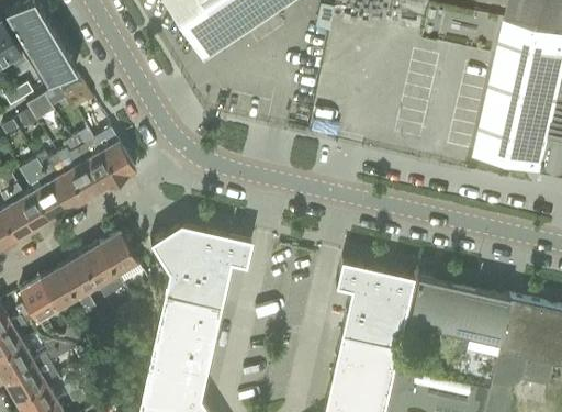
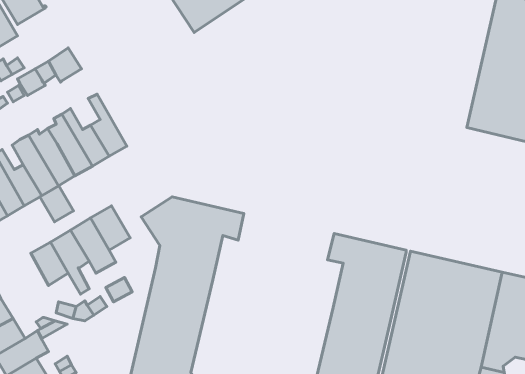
building: [26,36,76,89] -> none
building: none -> [40,186,73,222]
building: [19,281,57,325] -> none

